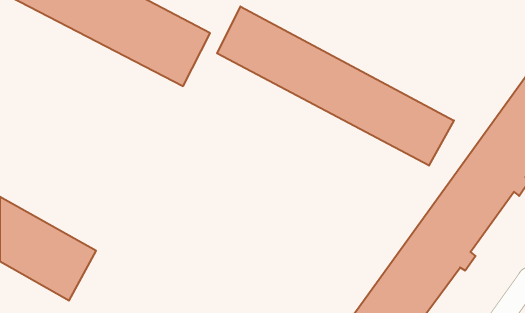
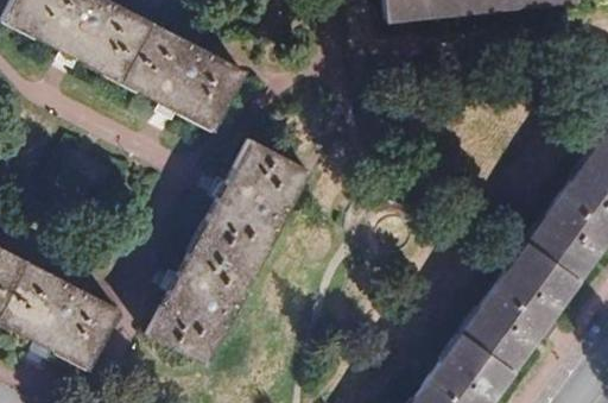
building: [217,6,454,166] -> none
building: none -> [154,153,309,369]

